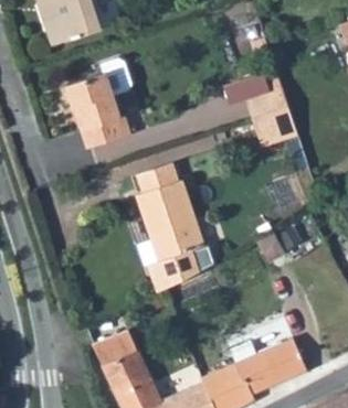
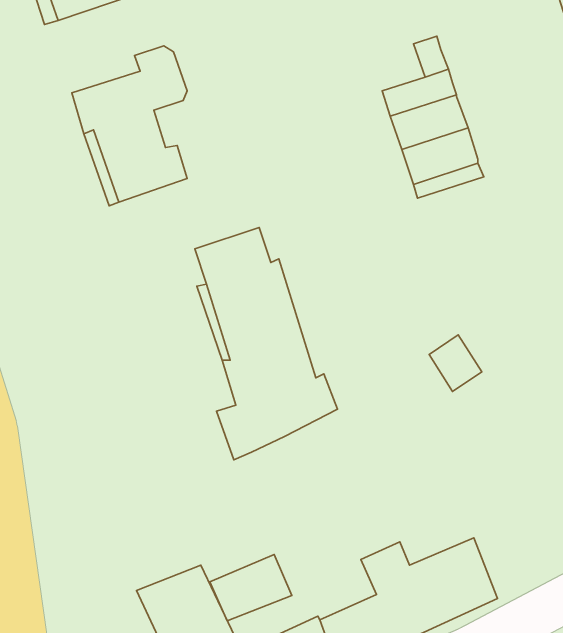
building: [92,330,138,367] -> [210,555,292,621]

